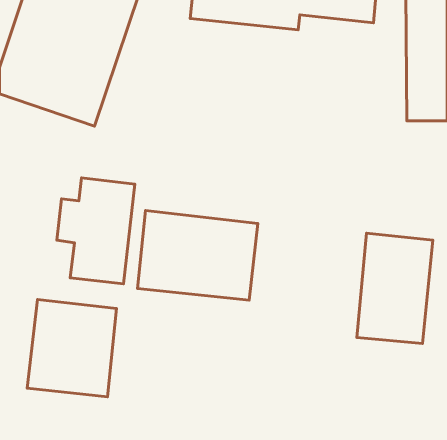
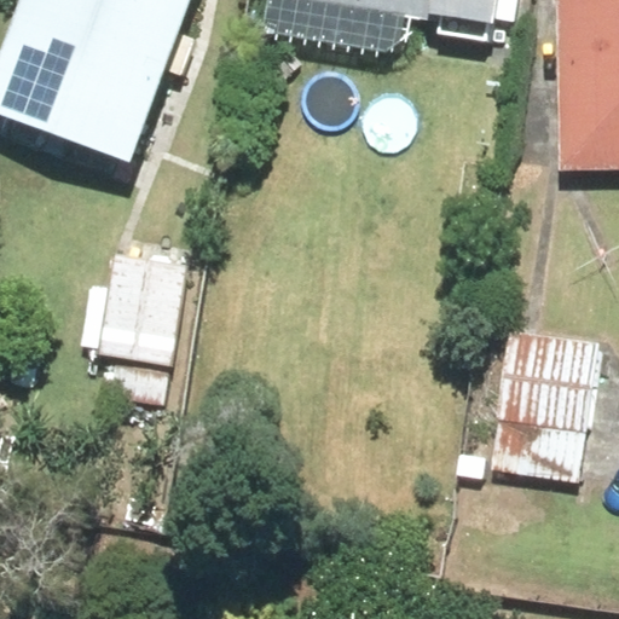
building: [138,211,258,300] -> none
building: [27,300,116,397] -> none

